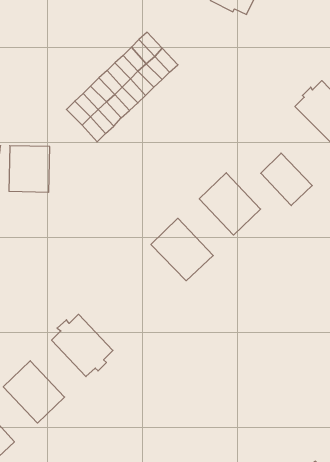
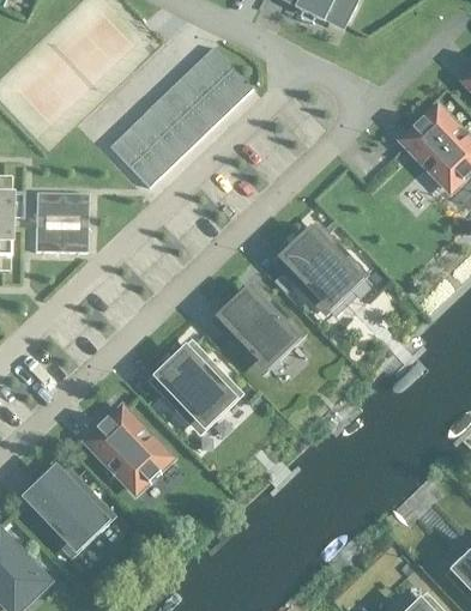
building: [261,153,312,206] -> none
building: none -> [156,345,235,425]

